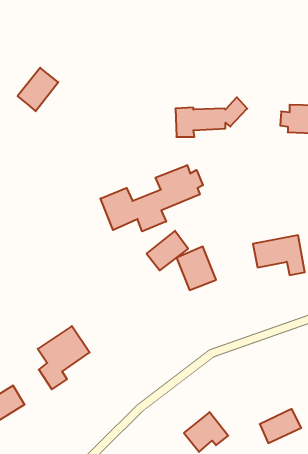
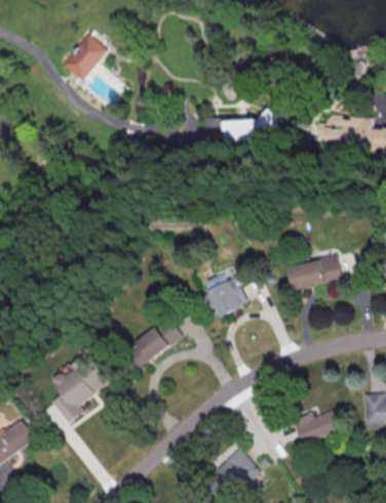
building: [18,68,58,111] -> [61,35,105,82]
building: [100,165,203,231] -> none
building: [147,231,188,270] -> [134,318,180,361]
building: [260,409,301,443] -> [294,409,339,446]

